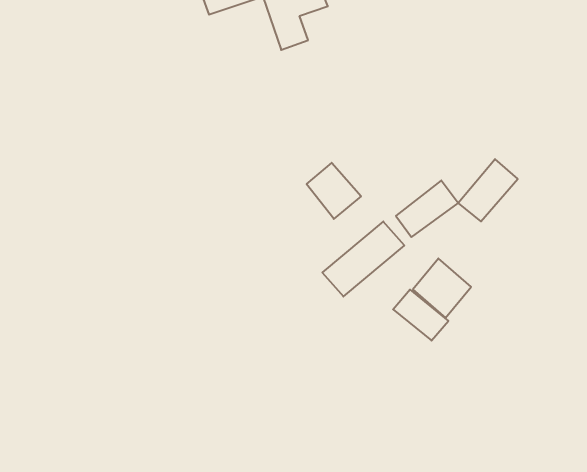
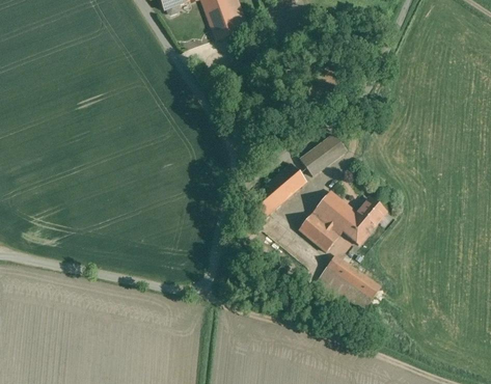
building: [458,159,518,221] -> [343,197,386,243]
building: [307,163,361,219] -> none
building: none -> [317,252,379,309]

